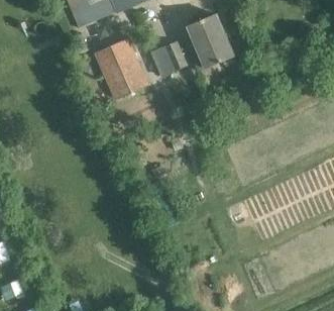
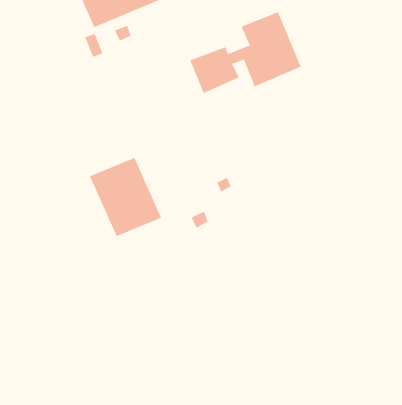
building: [94,38,148,98] -> [89,157,162,237]

